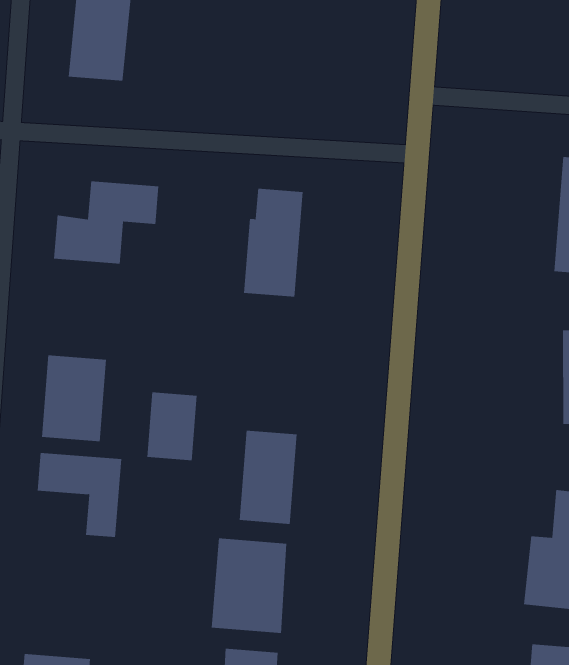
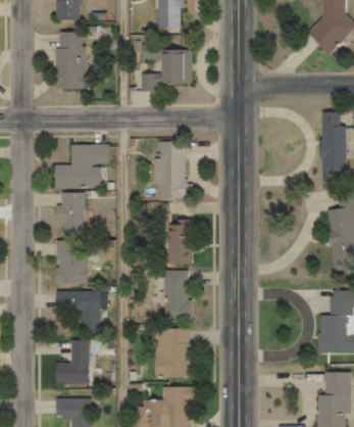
building: none -> [144,50,193,94]
building: none -> [56,193,86,226]
building: [146,392,198,461] -> [167,229,192,264]
building: none -> [55,340,89,384]

